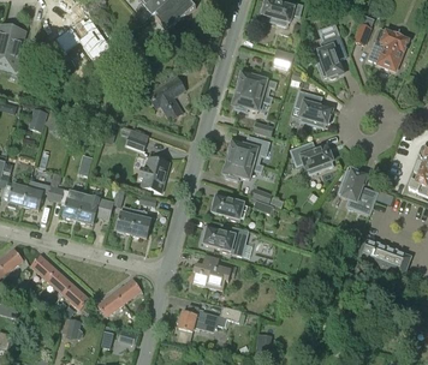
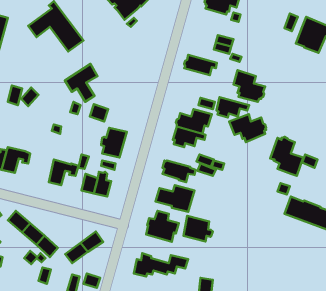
building: [315,31,346,78] -> none
building: [147,76,185,120] -> [65,64,98,102]
building: [233,88,272,112] -> [216,97,249,118]
building: [54,187,84,221] -> none
building: none -> [183,216,213,242]

